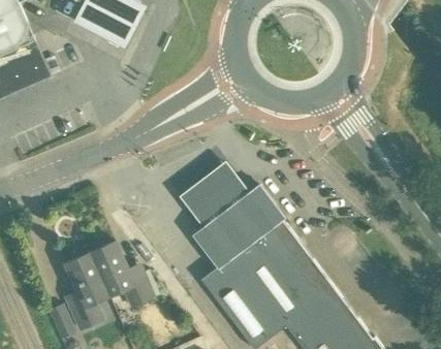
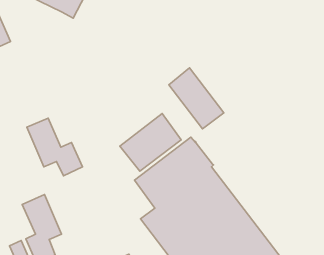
building: none -> [169,68,224,129]
building: [90,241,154,307] -> [27,118,82,176]

